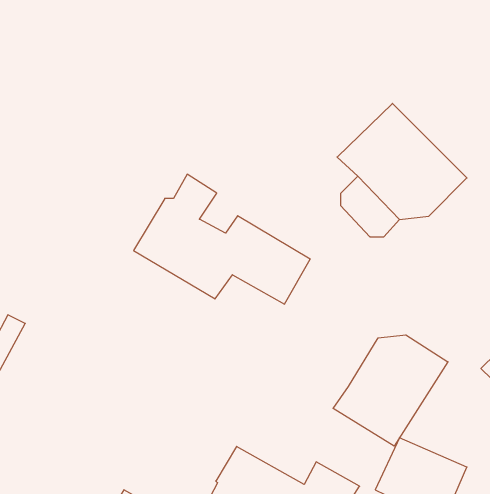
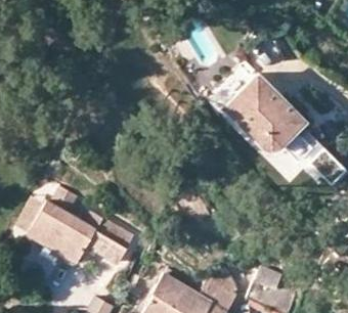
building: [134,174,310,304] -> [30,188,134,265]
building: [333,335,448,446] -> none

